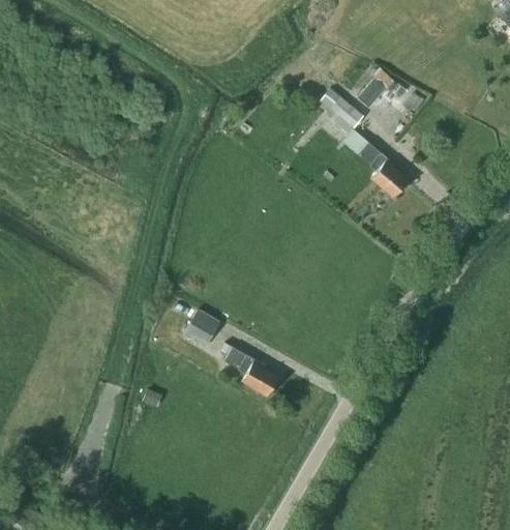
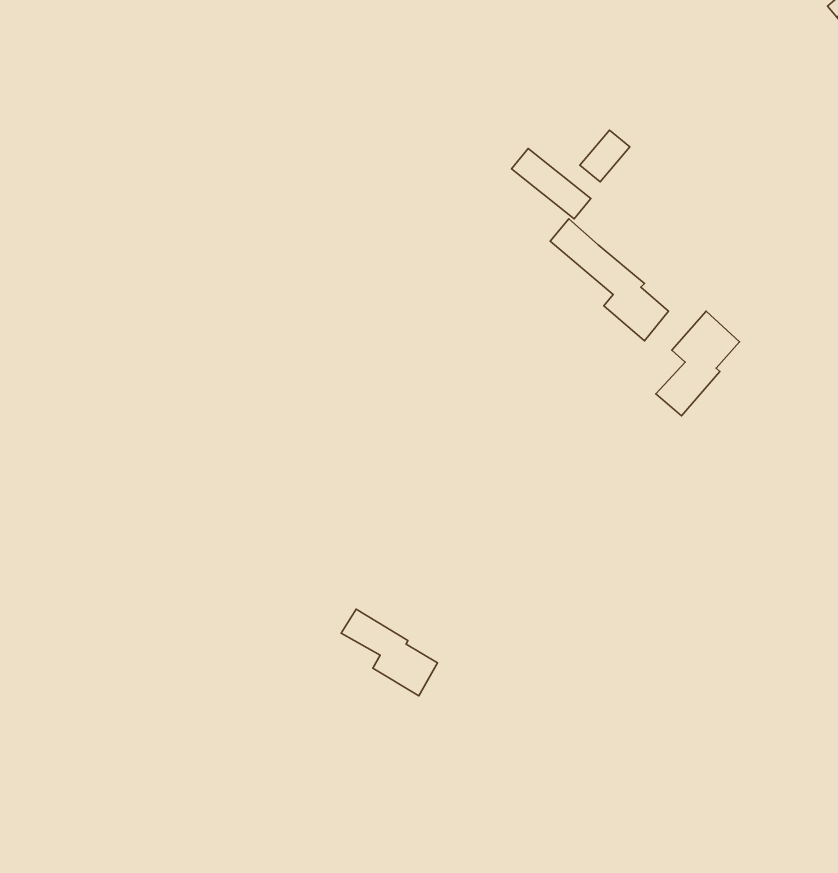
building: none -> [656,311,740,416]
building: [184,312,221,351] -> none

